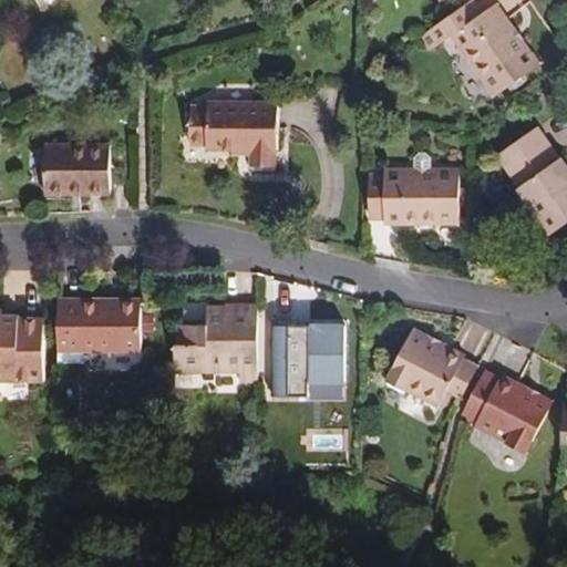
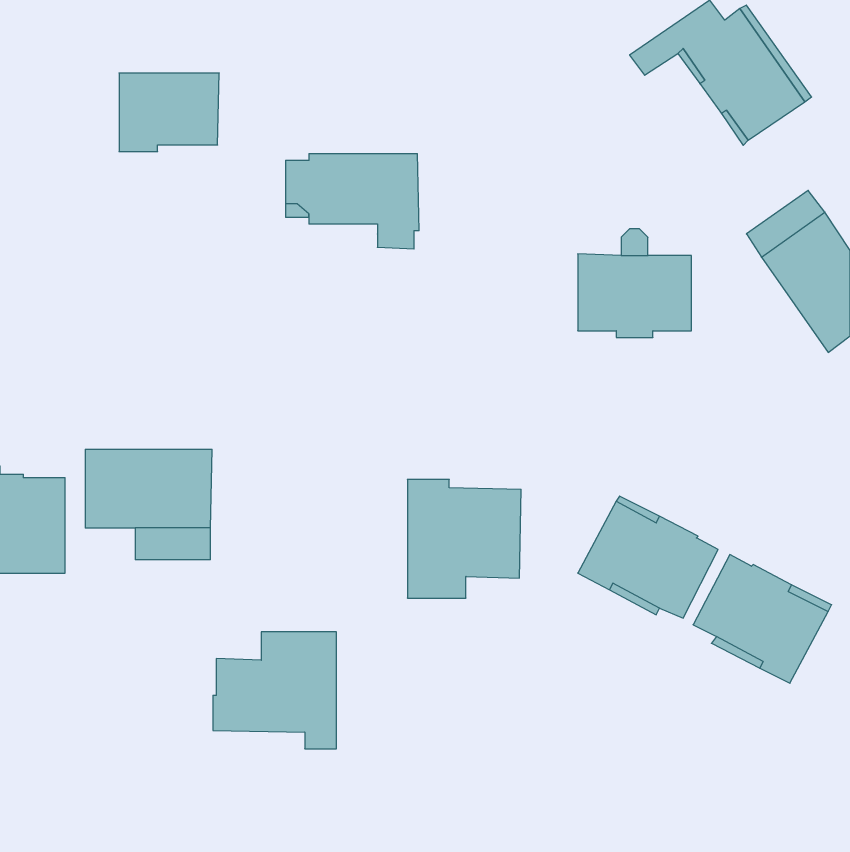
building: [43,144,110,196] -> [119,73,219,152]
building: [174,306,256,383] -> [213,632,336,749]

